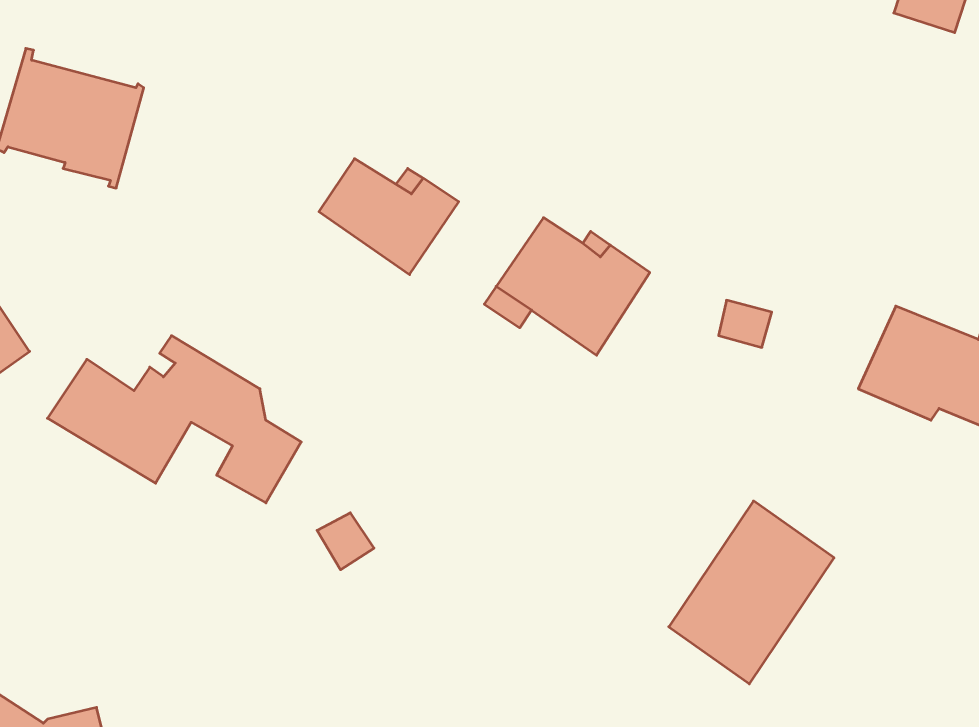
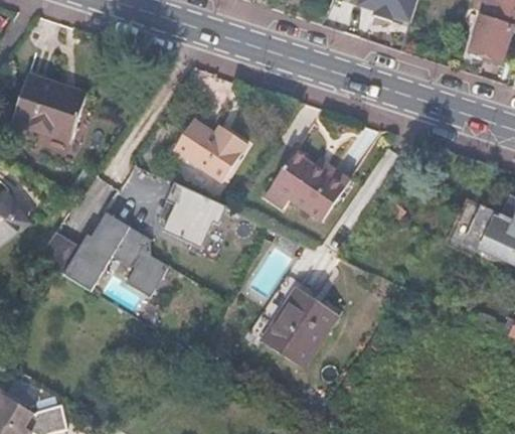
building: none -> [162,184,225,250]
building: [669,501,834,684] -> [264,279,348,373]

